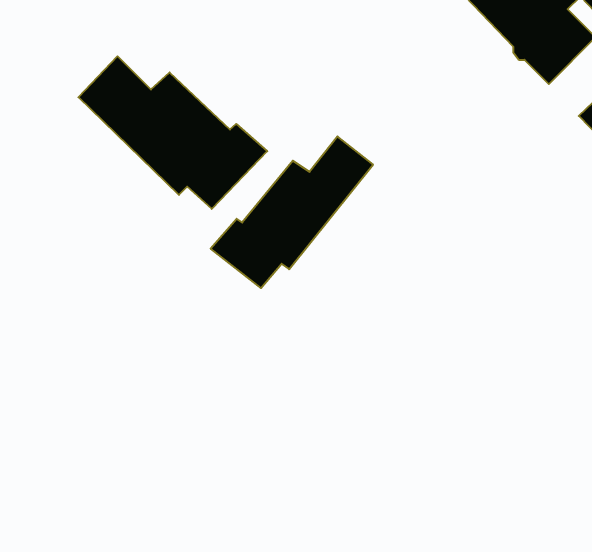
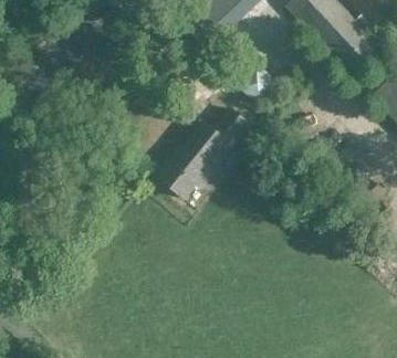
building: [78,56,267,209] -> none

